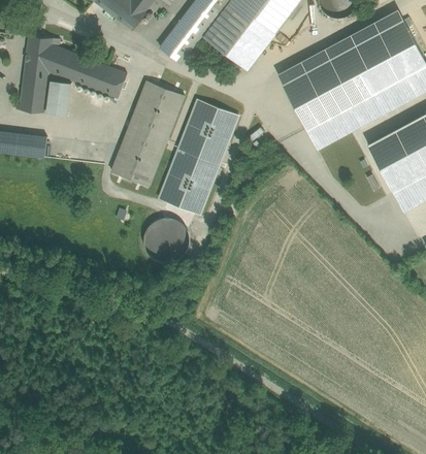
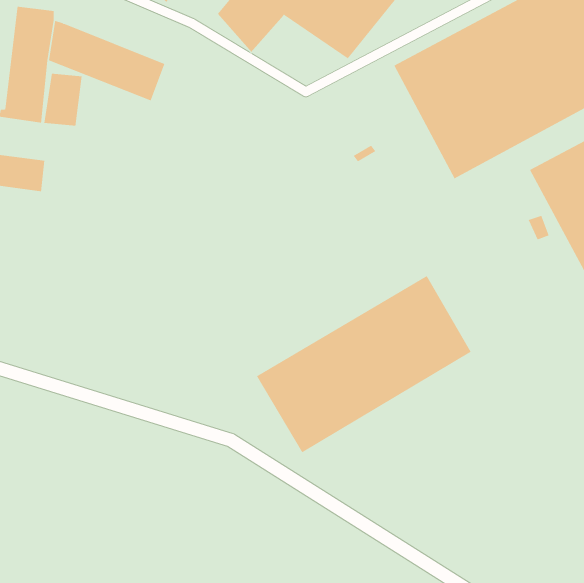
building: [110,80,184,186] -> none
building: [159,100,237,213] -> none
building: none -> [256,275,472,453]
building: [145,214,184,256] -> none

